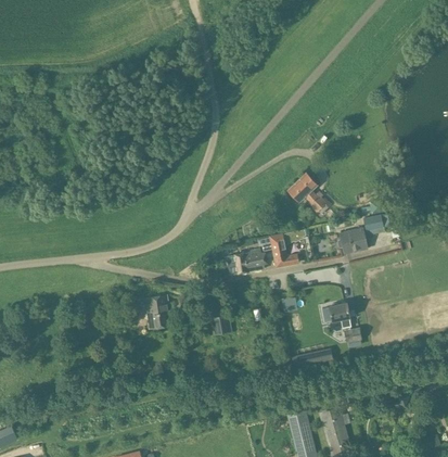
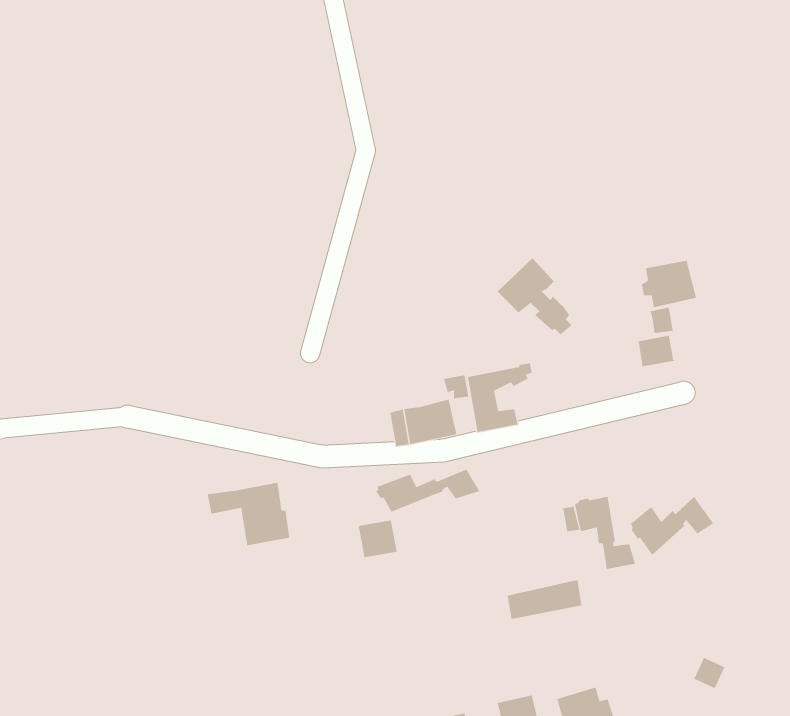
building: [337,229,368,255] -> [641,260,697,308]
building: none -> [376,469,480,512]
building: none -> [630,496,714,556]

